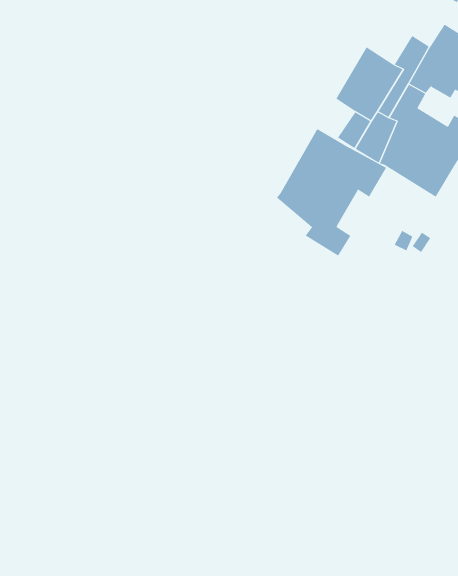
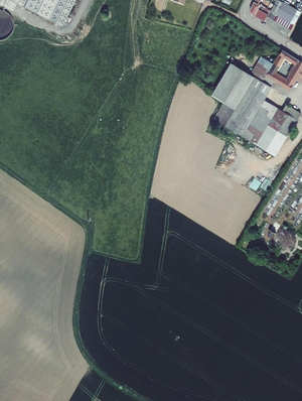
building: [276,128,387,257] -> none

